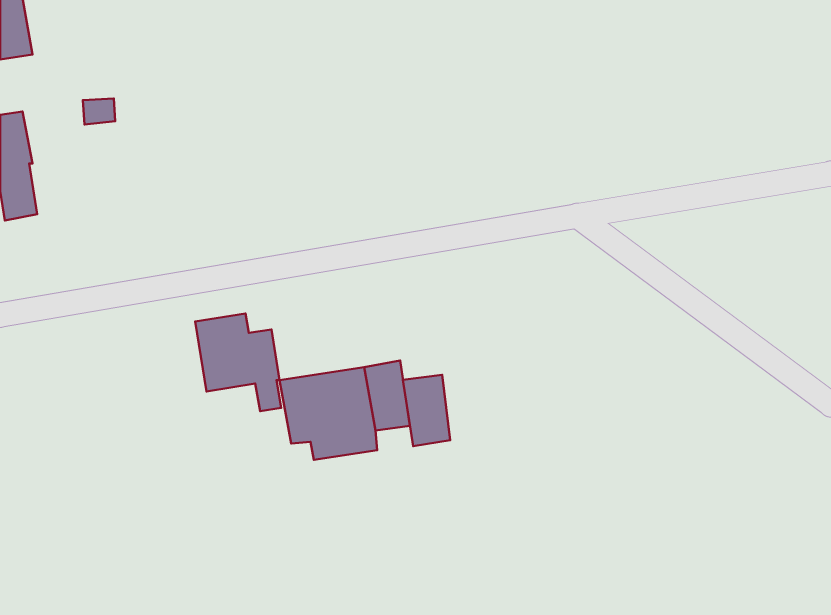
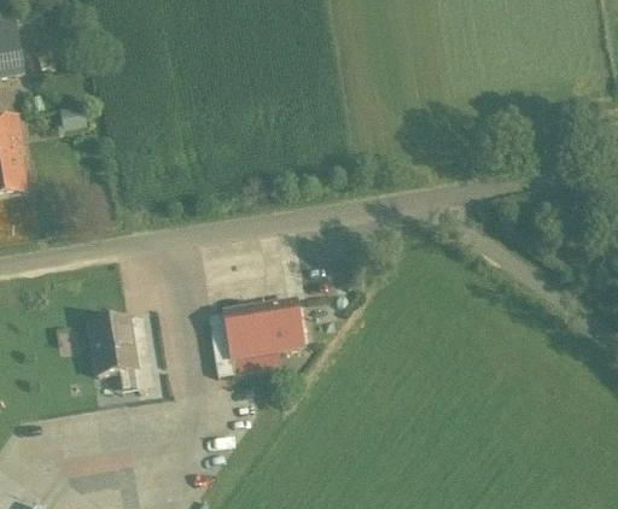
building: [195,313,281,411] -> [89,318,153,391]
building: [403,375,450,446] -> none

